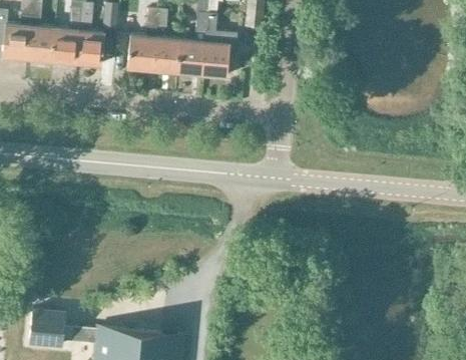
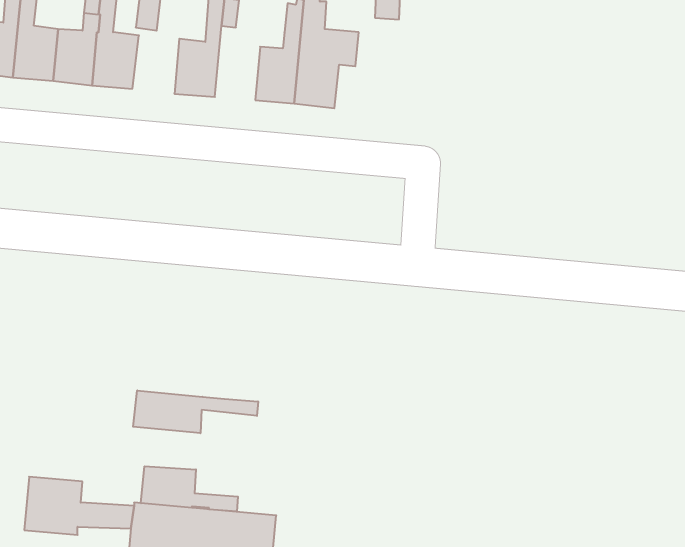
building: [146,40,174,75] -> none
building: none -> [133,390,258,433]
building: none -> [141,466,238,511]

